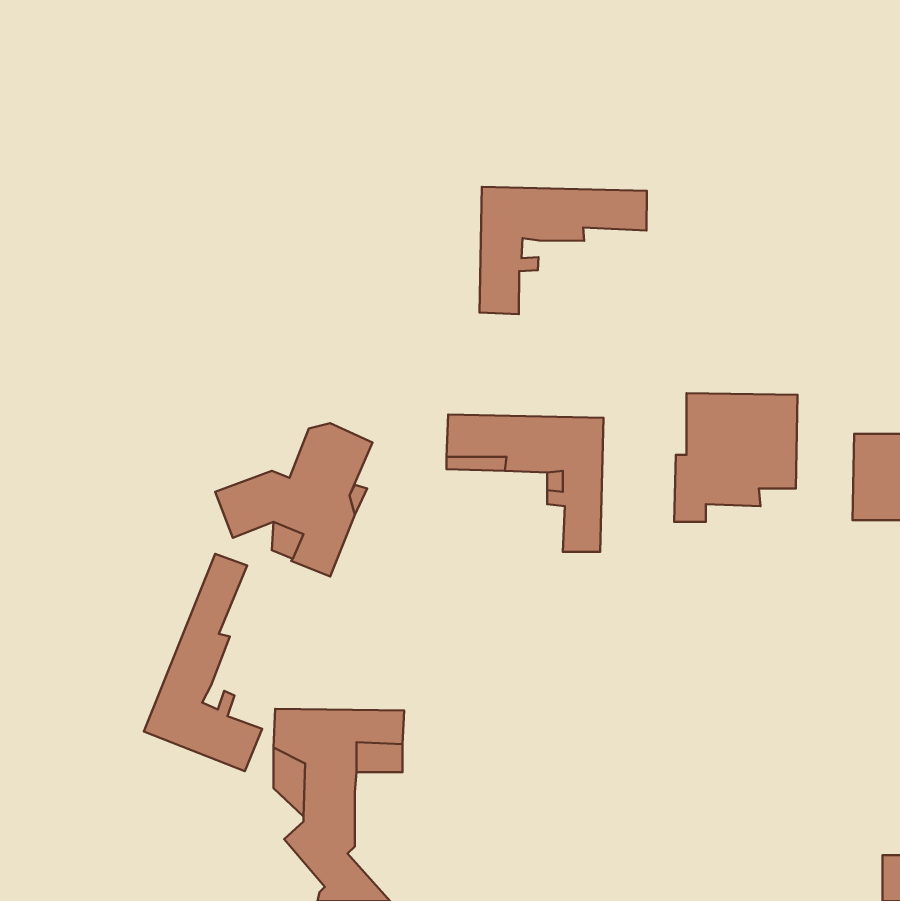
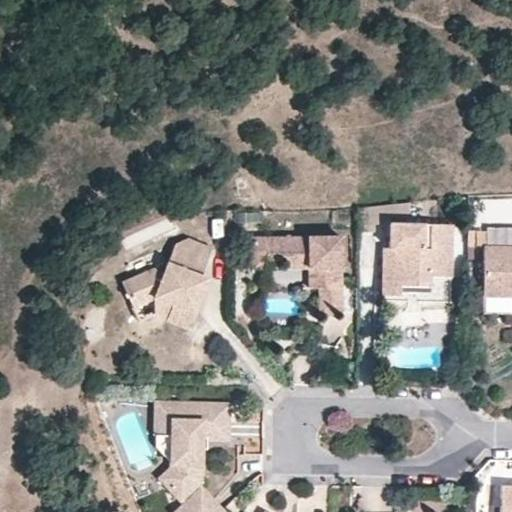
building: [480,187,647,314] -> none
building: [144,554,262,771] -> none

